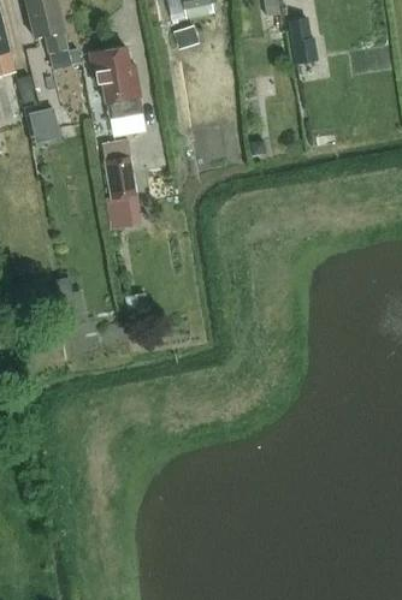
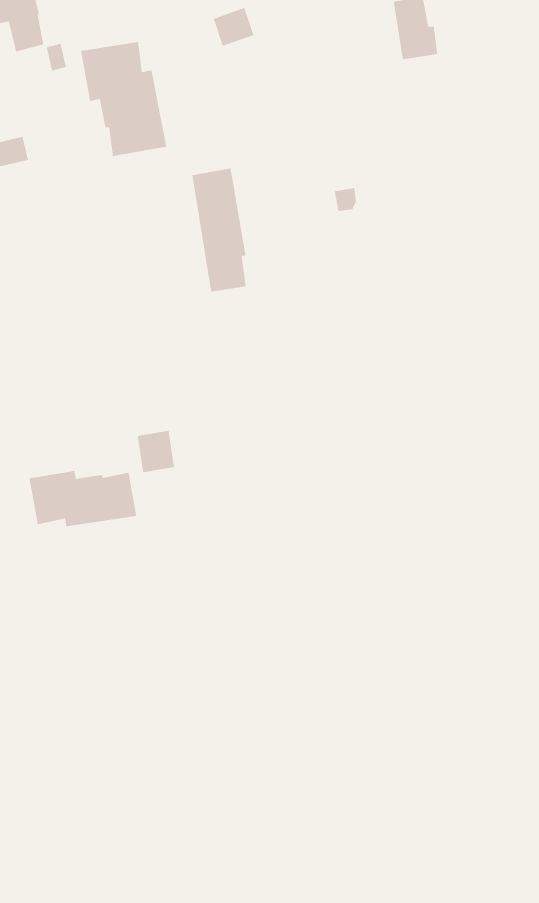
building: [102,139,137,219] -> [191,167,246,292]
building: none -> [28,470,137,527]

